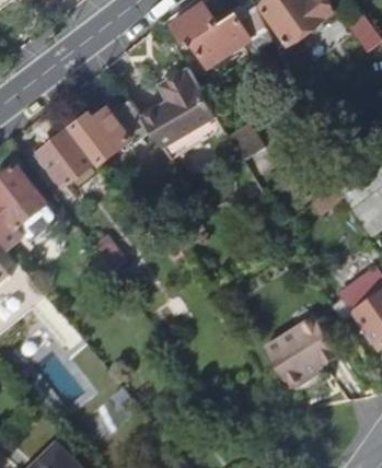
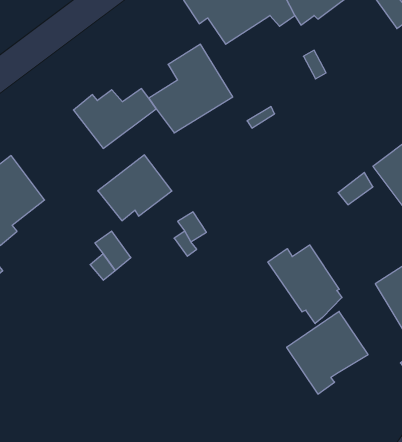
building: [23,129,91,189] -> [98,155,172,221]
building: none -> [268,245,342,324]

